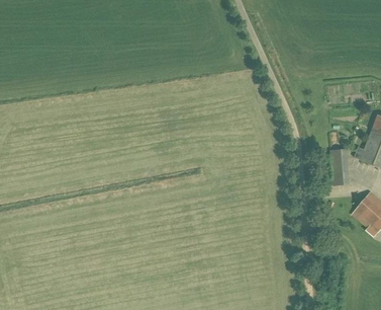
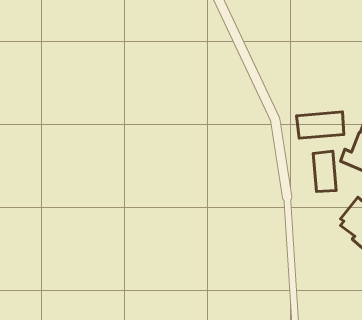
building: none -> [297,112,344,138]

